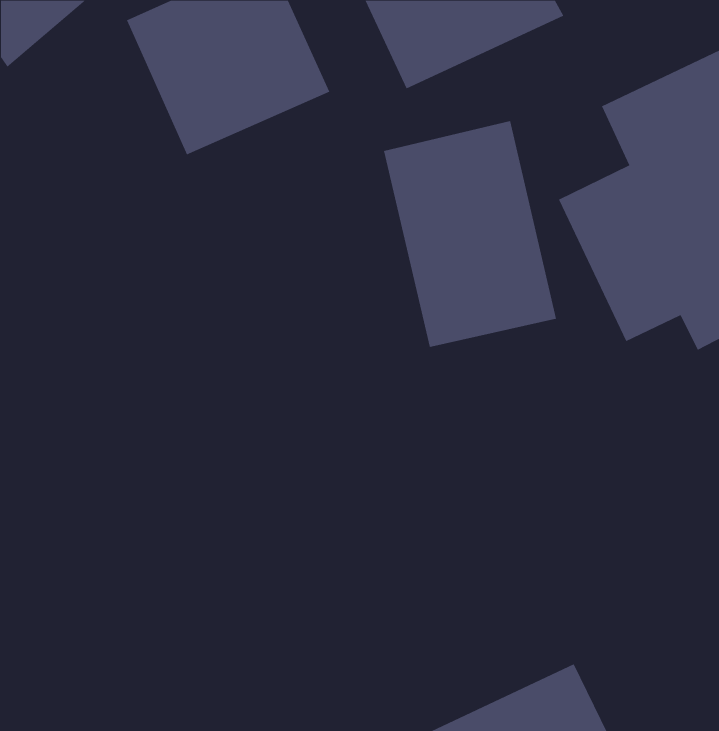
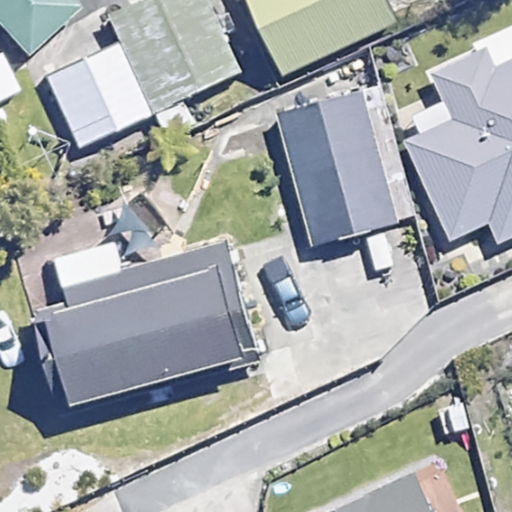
building: none -> [39,45,140,142]
building: none -> [49,258,262,407]

